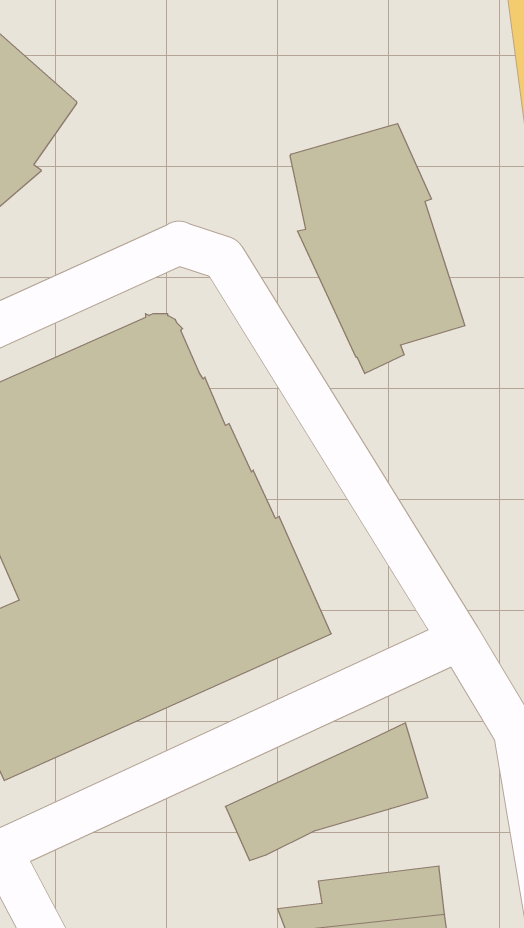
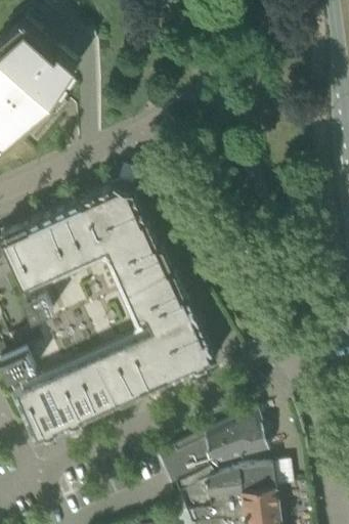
building: [290,124,465,374] -> none
building: none -> [177,464,273,511]

